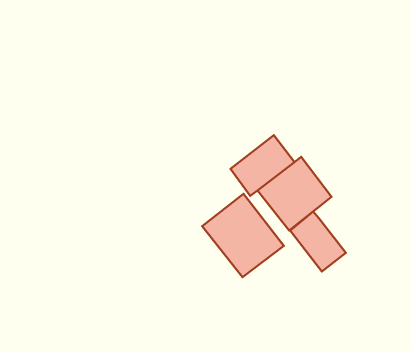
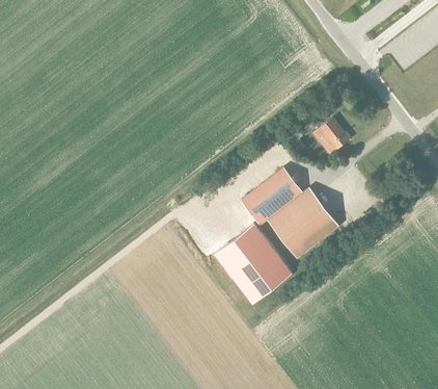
building: none -> [319,118,350,151]
building: [290,212,346,272] -> none

